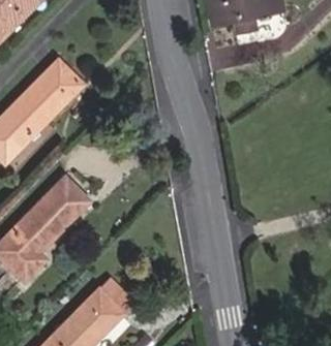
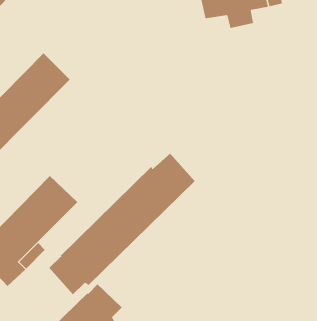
building: none -> [48,153,196,295]

